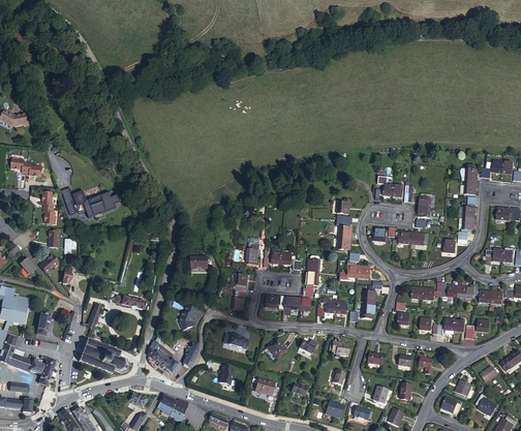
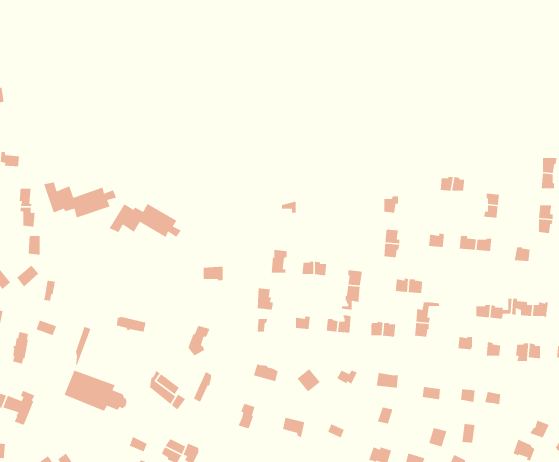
building: none -> [108,203,182,238]

